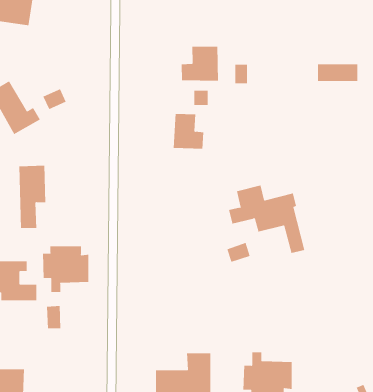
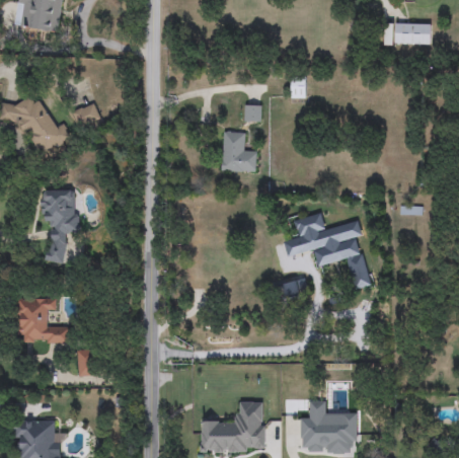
building: [181,46,218,81] -> none
building: [317,64,358,82] -> [384,23,431,44]
building: [42,245,89,293] -> none

